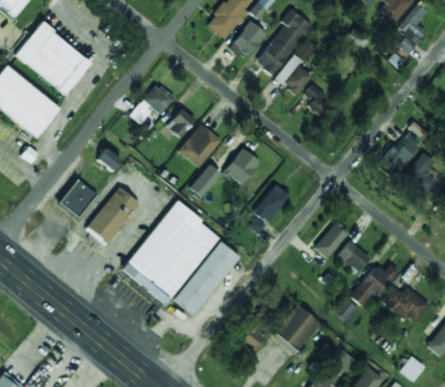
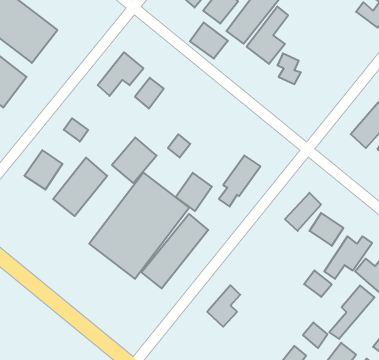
building: none -> [190,22,228,59]
building: [178,123,221,167] -> [112,137,157,183]
building: [224,148,259,185] -> [176,173,212,211]
building: [276,305,320,352] -> none
building: none -> [329,285,375,339]

